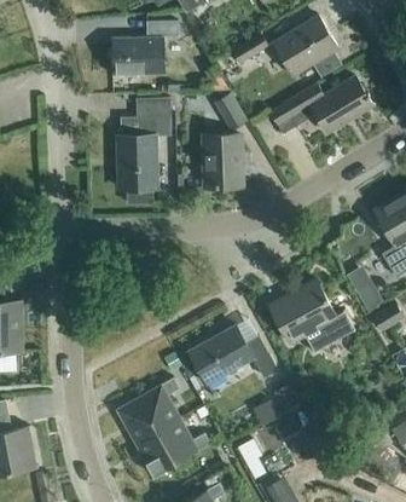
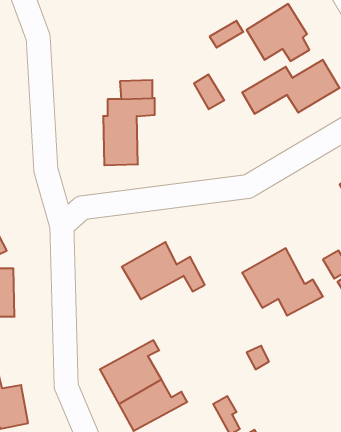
building: [111,22,178,76] -> none
building: [204,137,242,187] -> none
building: [187,324,277,386] -> [122,242,205,299]

